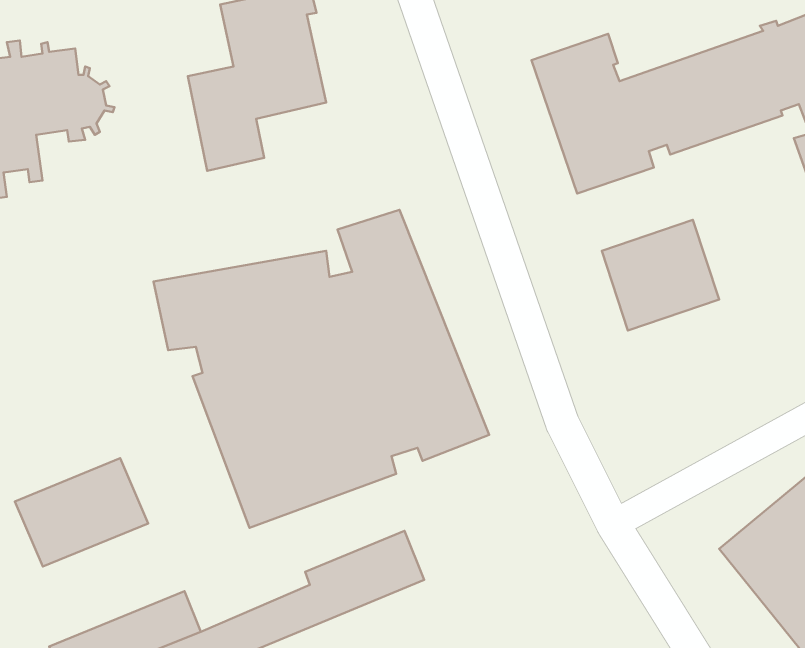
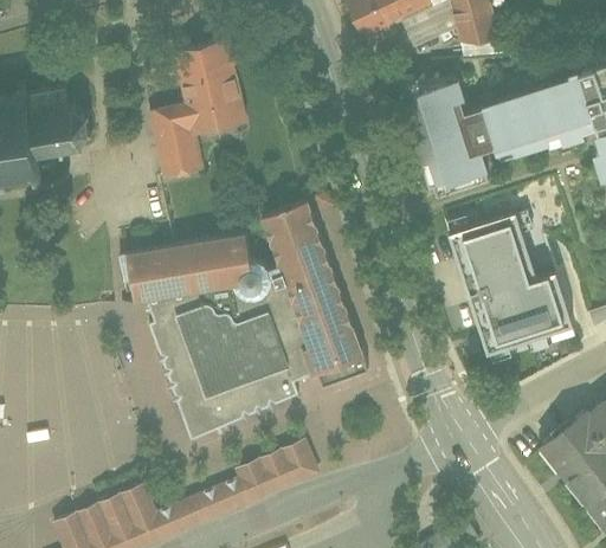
building: none -> [469,270,574,354]
building: [15,458,148,567] -> none

